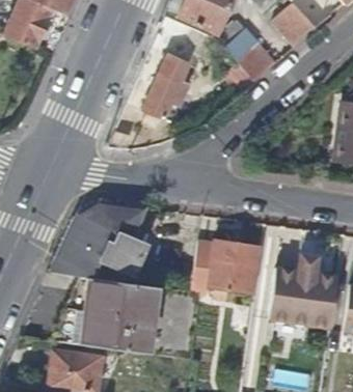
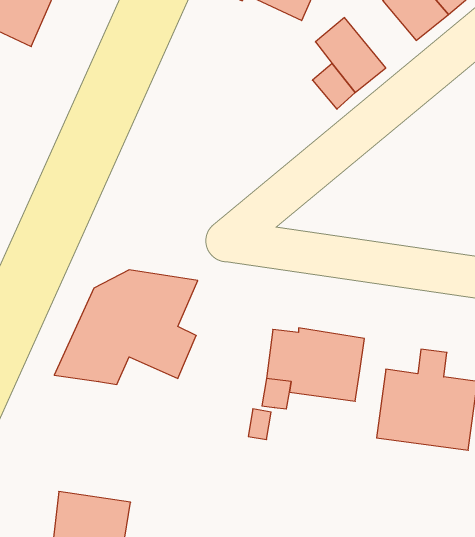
building: [146,55,192,118] -> none
building: [53,277,158,355] -> none

